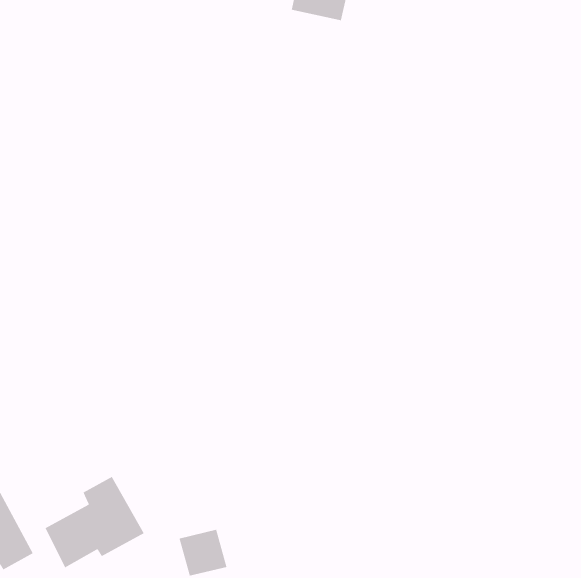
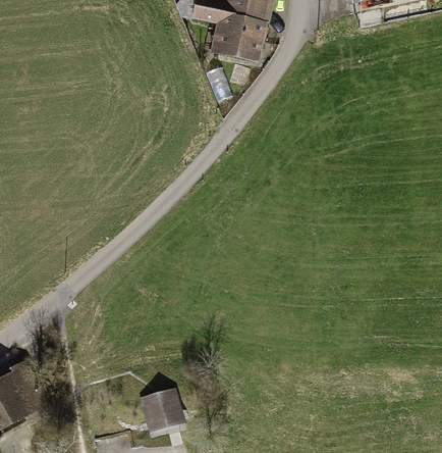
building: [45,476,145,568] -> none

